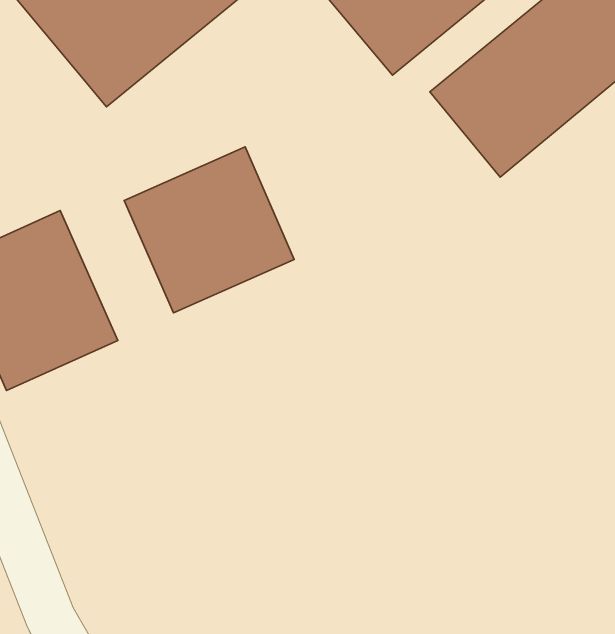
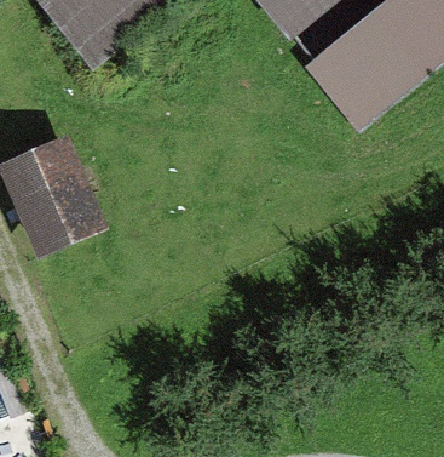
building: [124,147,294,313] -> none

